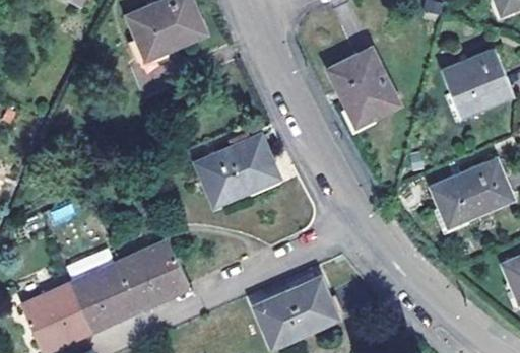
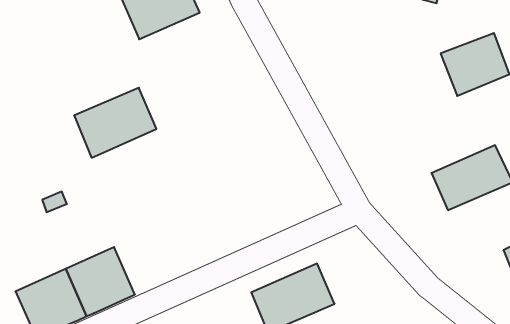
building: [329,49,398,128] -> none
building: [198,136,279,205] -> [74,88,156,158]
building: [121,241,191,309] -> none

